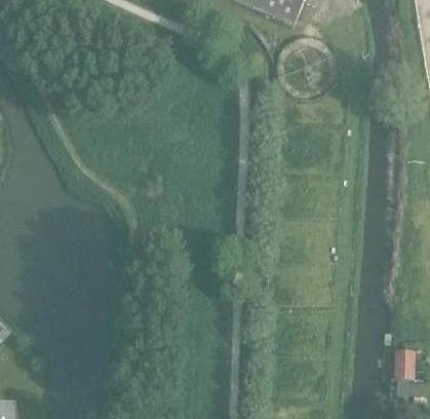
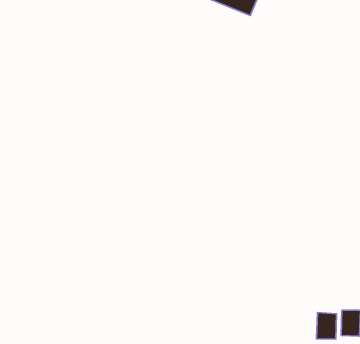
building: none -> [317,312,337,339]

